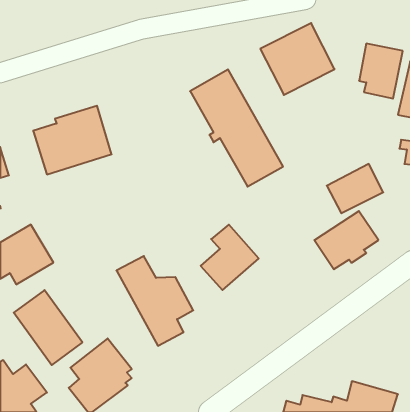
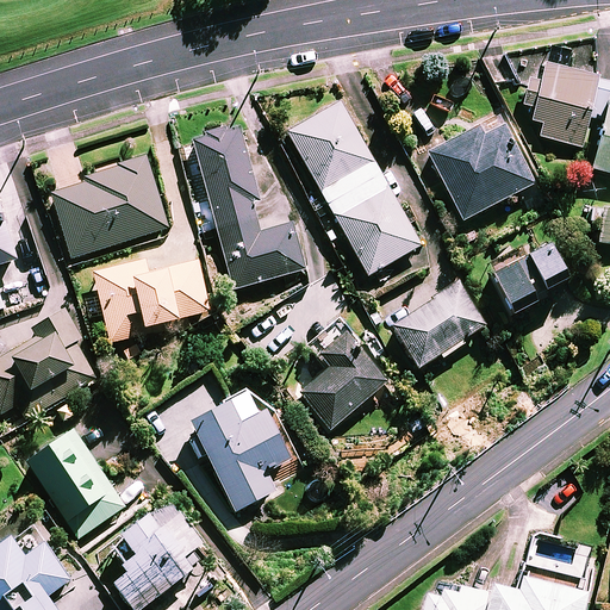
building: [260,23,335,95] -> [429,113,539,219]
building: none -> [194,125,306,288]
building: none -> [95,260,211,342]
building: [314,211,378,269] -> [390,284,484,369]

